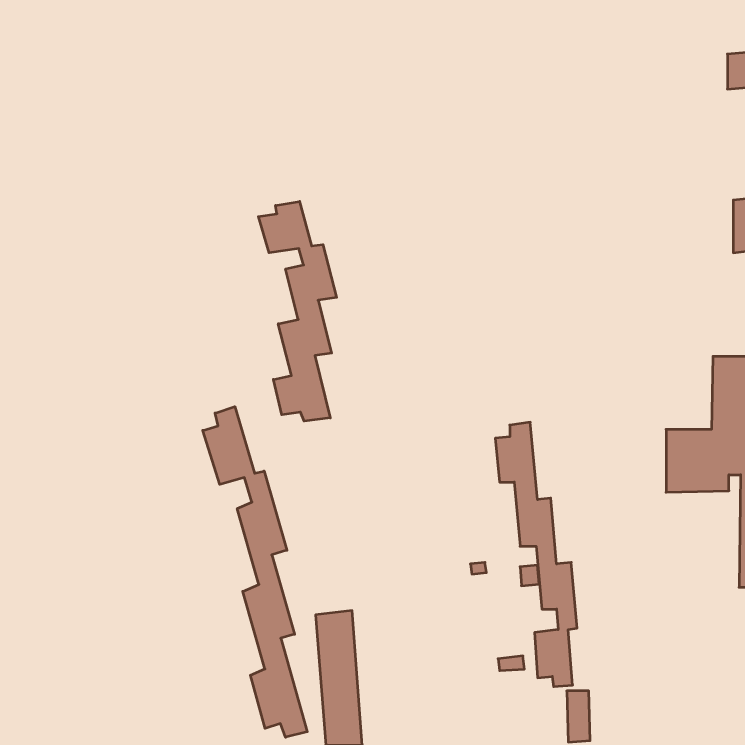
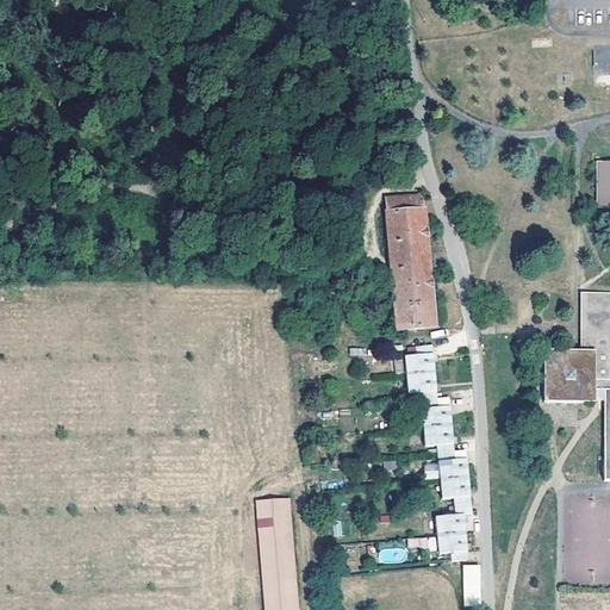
building: [258,201,337,421] -> none
building: none -> [384,194,435,330]
building: [203,407,307,737] -> none

